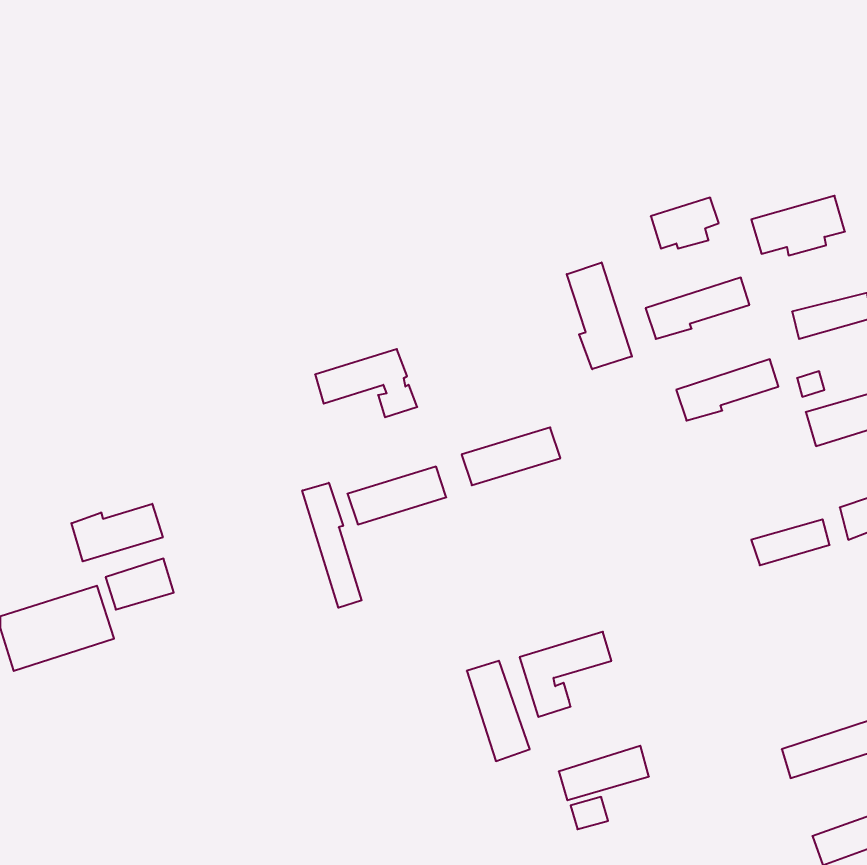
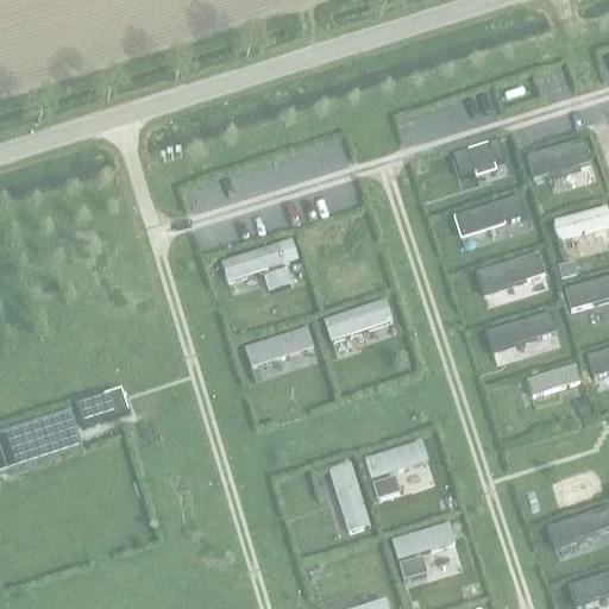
building: [567,262,632,369] -> none
building: none -> [485,310,557,353]
building: [302,483,362,608] -> none
building: [71,504,163,561] -> none

